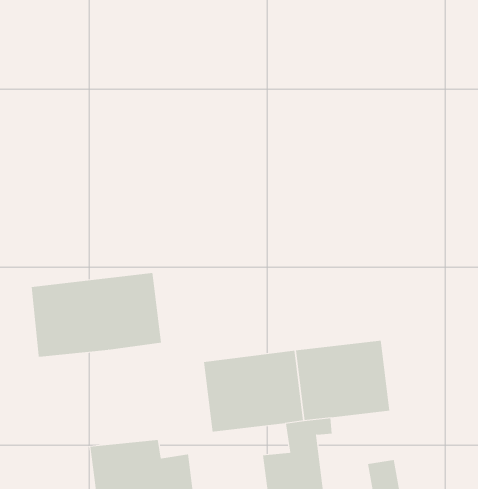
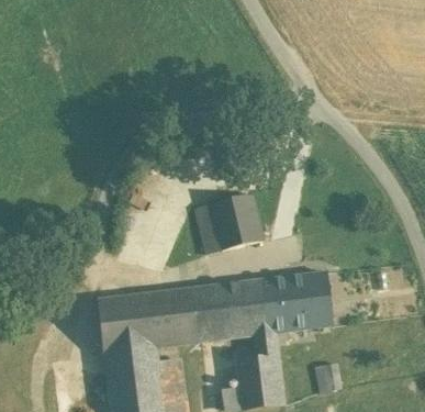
building: none -> [195,193,262,254]
building: [31,272,162,359] -> [97,288,197,354]

